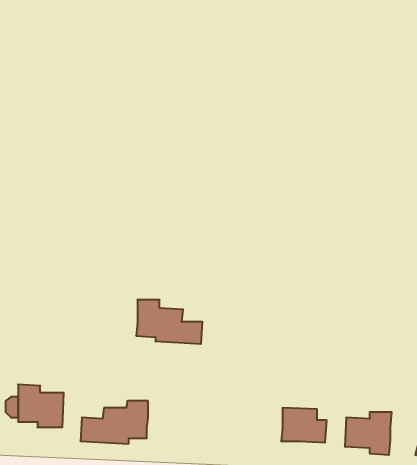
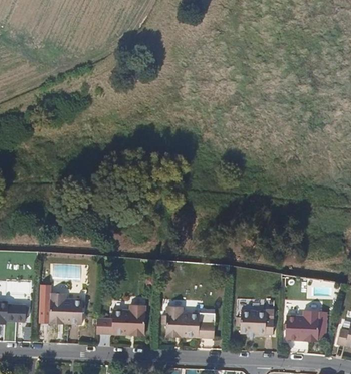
building: [136,300,203,344] -> [166,305,215,337]

